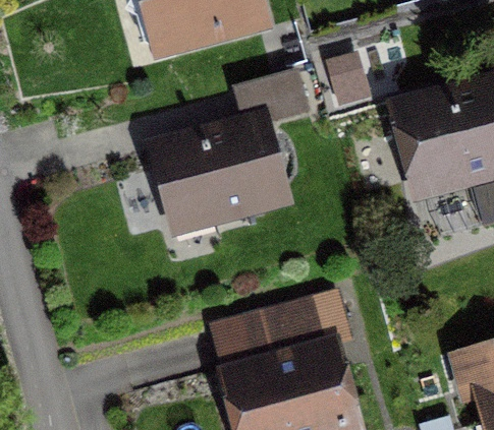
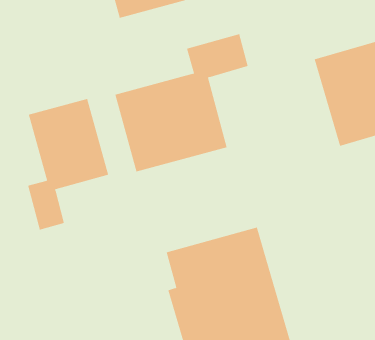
building: none -> [27,98,109,230]

